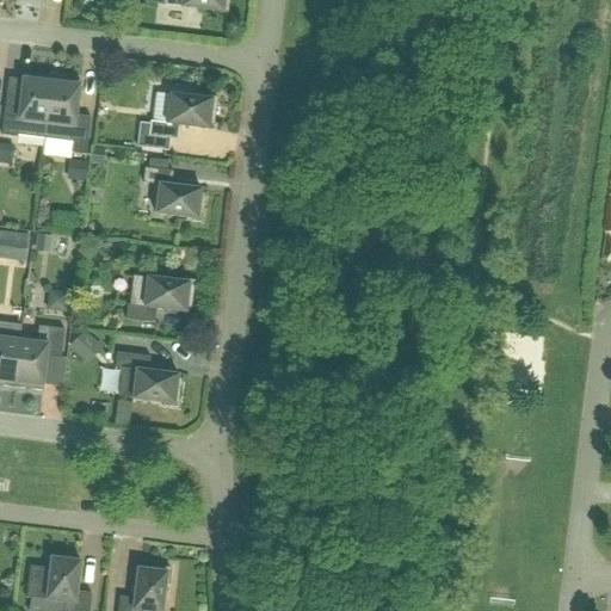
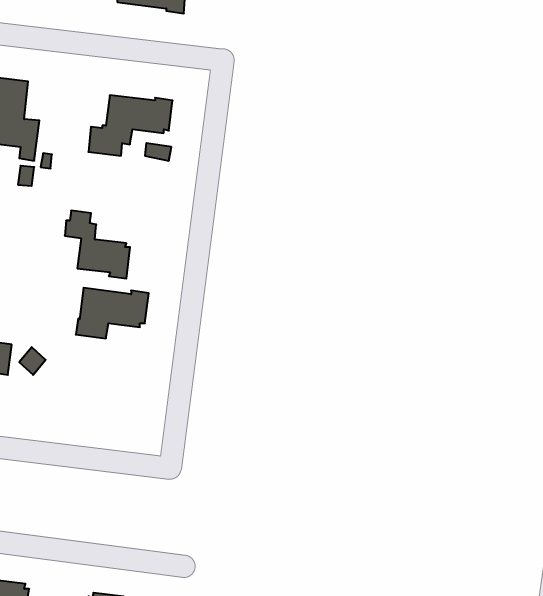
building: [143,158,205,222] -> [65,211,130,279]
building: [115,352,183,407] -> none

